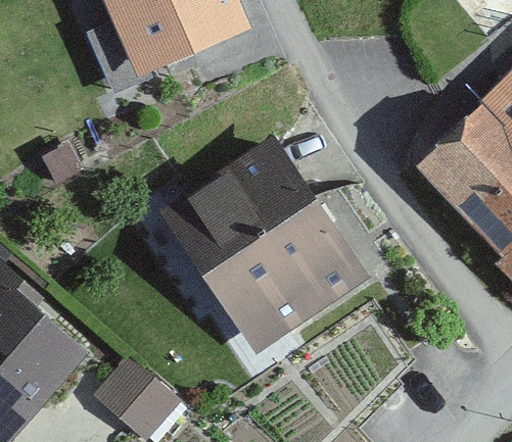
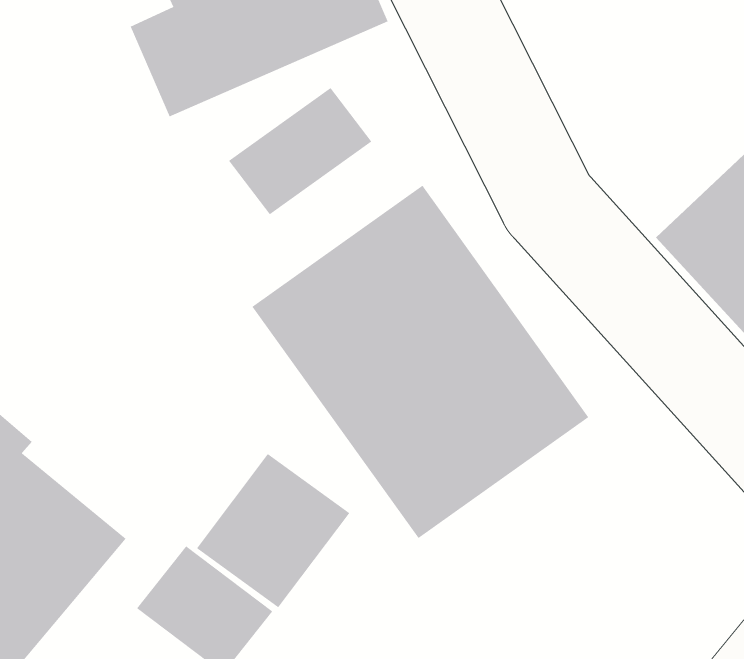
building: none -> [228,87,372,215]
building: none -> [196,453,350,608]

